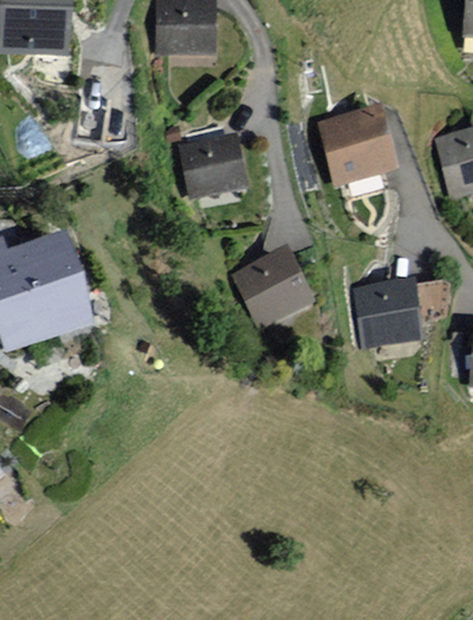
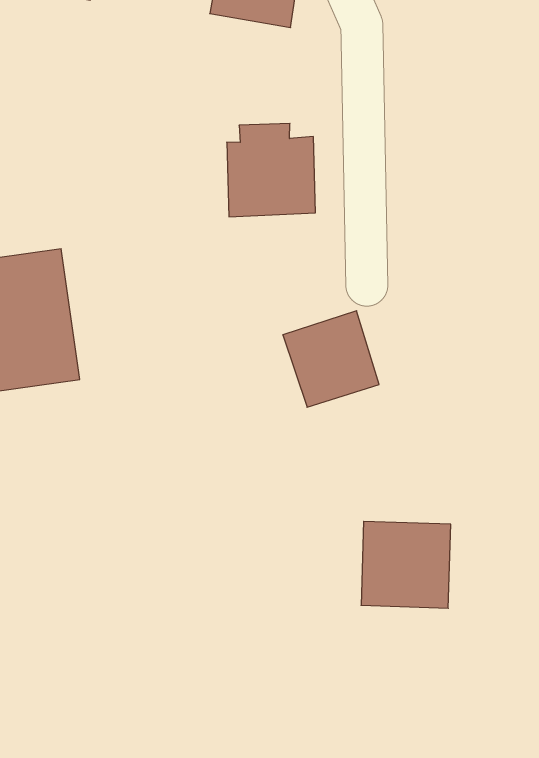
building: [319,108,397,185] -> none
building: [354,281,423,348] -> [361,521,451,608]

